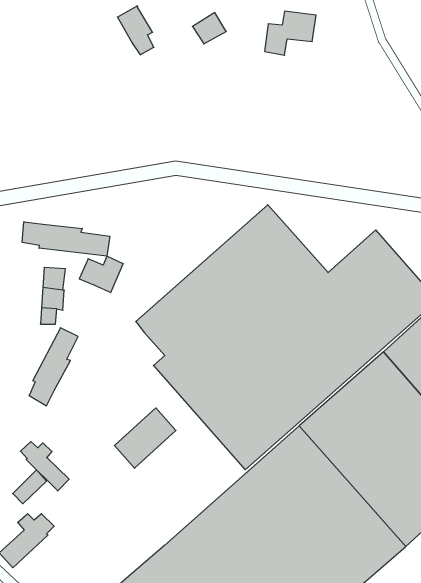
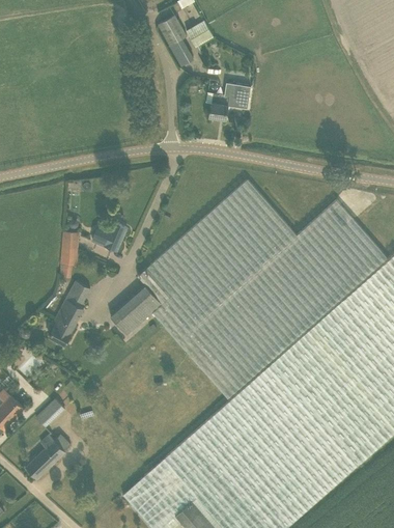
building: [117,6,154,55] -> [157,16,187,56]
building: [265,11,316,55] -> [209,83,252,119]
building: [22,222,110,256] -> none
building: [114,408,176,468] -> [111,285,162,335]
building: [20,442,69,491] -> none

